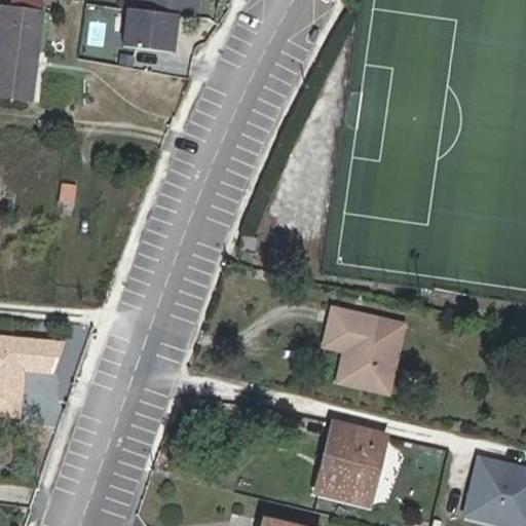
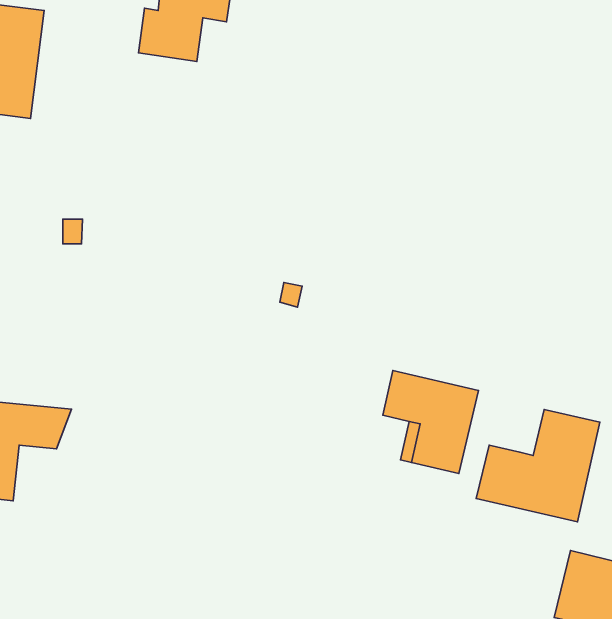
building: none -> [476,410,600,522]
building: [314,423,385,504] -> none

